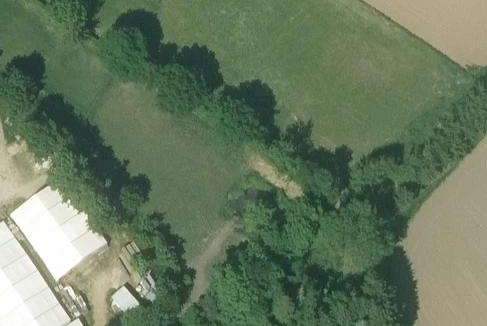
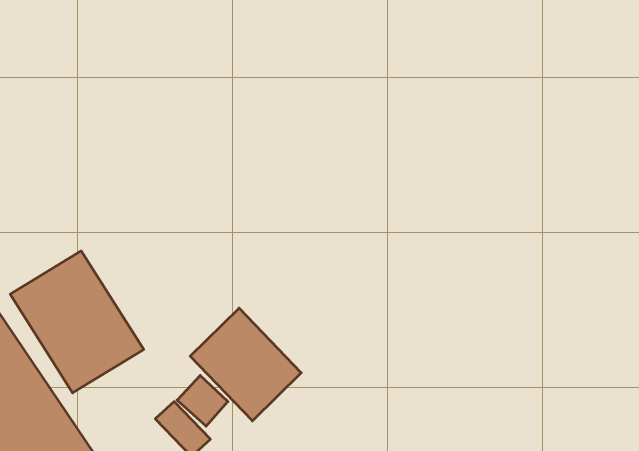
building: none -> [190,308,301,421]

